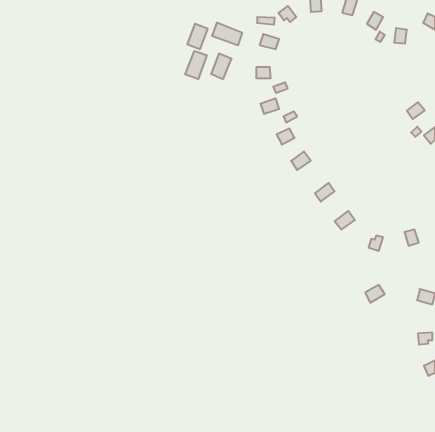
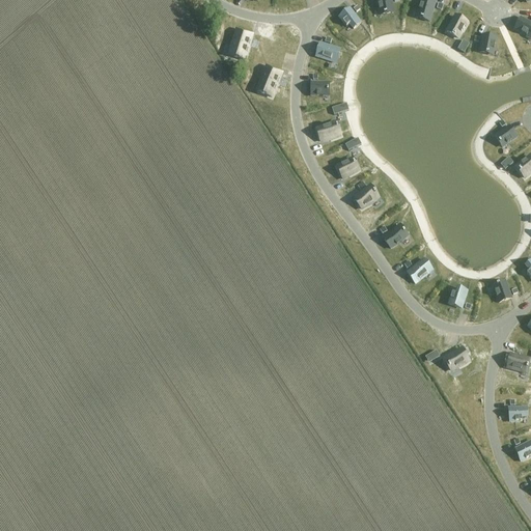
building: [212,23,242,45] -> none
building: [185,51,207,79] -> none

